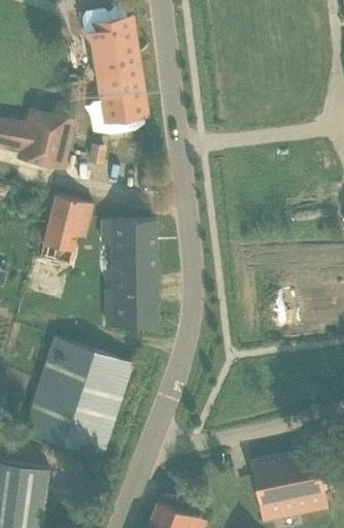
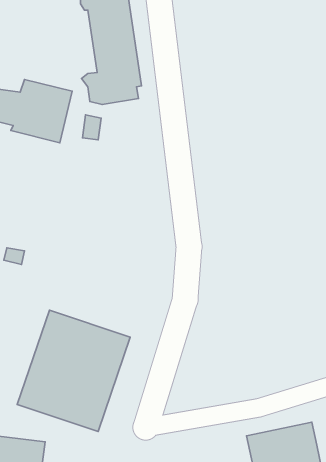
building: [38,194,94,264] -> none
building: [102,218,158,325] -> none

